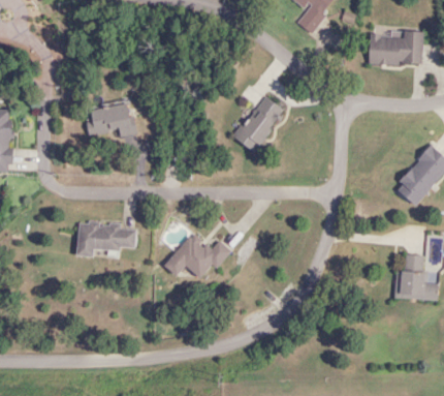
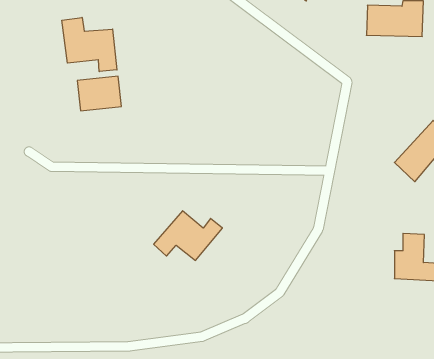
building: none -> [62,17,117,72]
building: [233,95,285,151] -> none
building: [76,221,135,256] -> none

